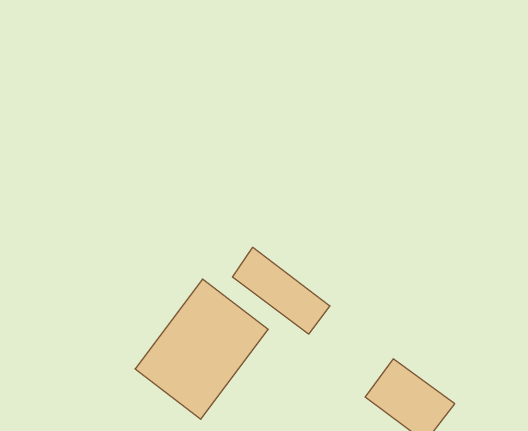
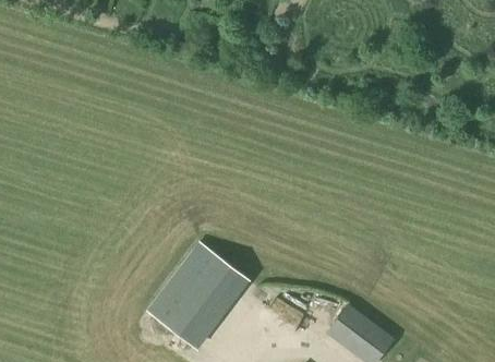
building: [232,247,330,334] -> none

